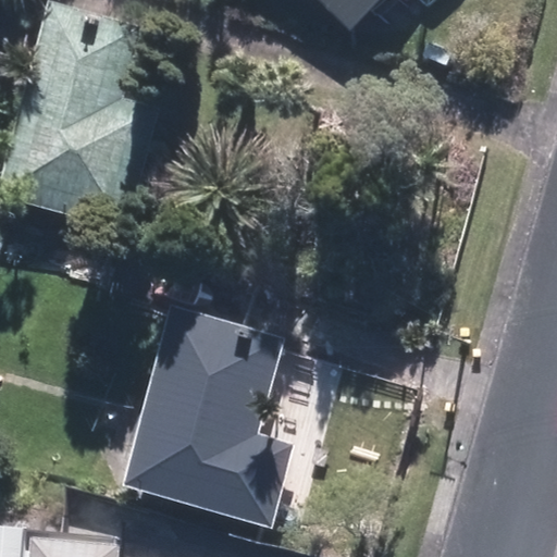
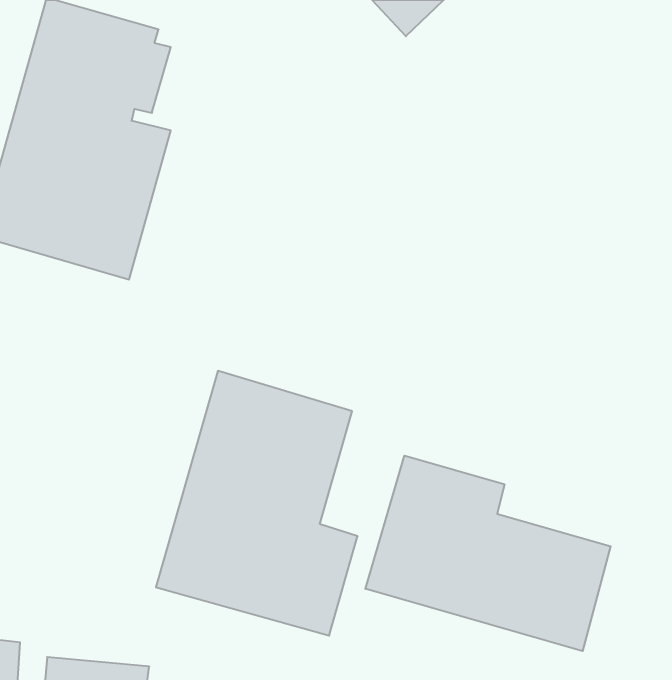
building: none -> [365,456,611,651]

